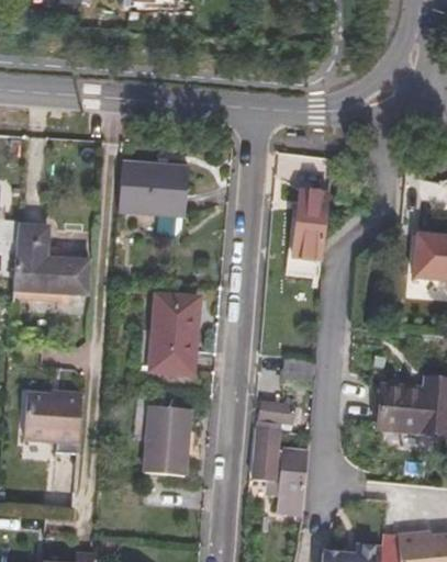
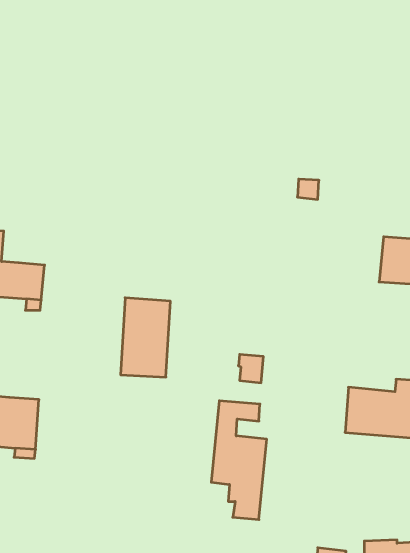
building: [119,164,190,216] -> none
building: [286,187,322,255] -> none
building: [147,408,190,475] -> none

